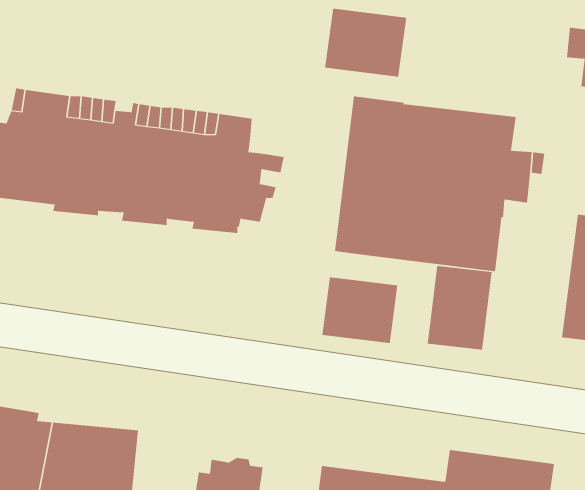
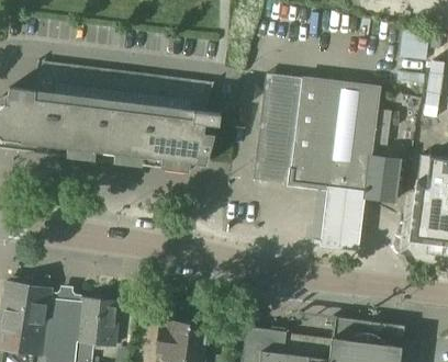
building: [325,8,407,77] -> none
building: none -> [365,157,400,202]
building: [322,276,398,344] -> none

